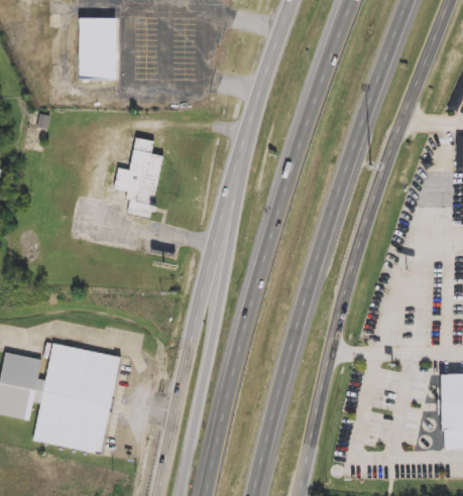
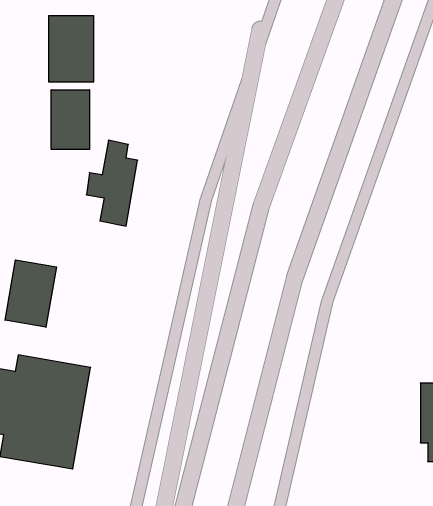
building: none -> [51,90,89,149]
building: none -> [5,260,56,327]

